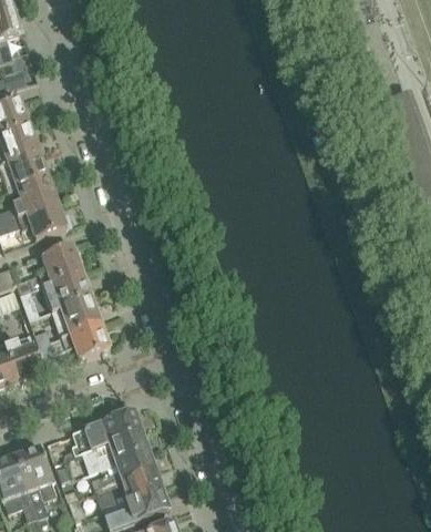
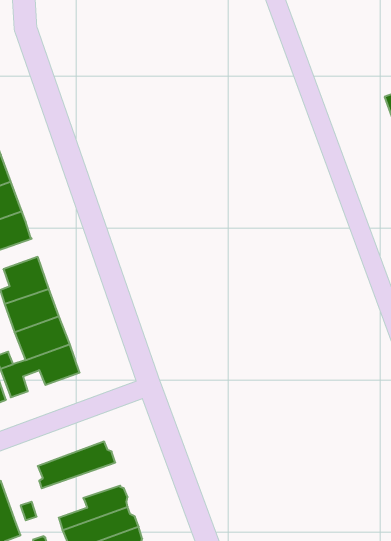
building: [76,429,147,472] -> none

